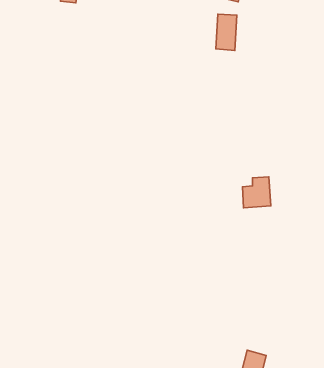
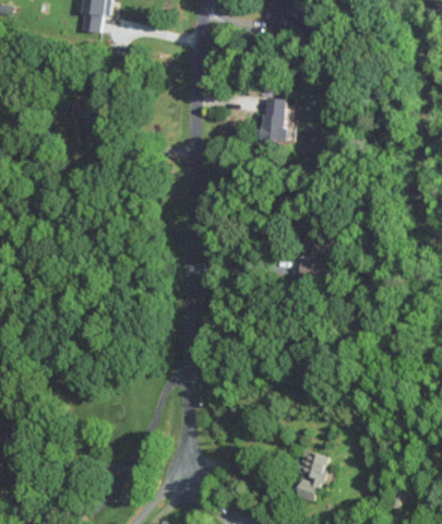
building: [216,14,237,50] -> [262,98,287,142]

